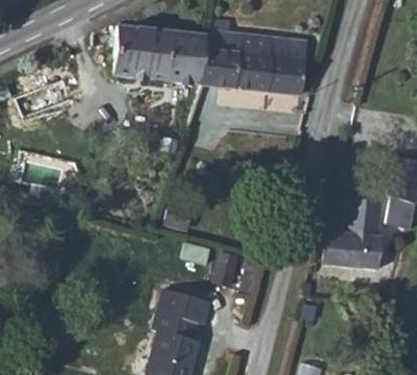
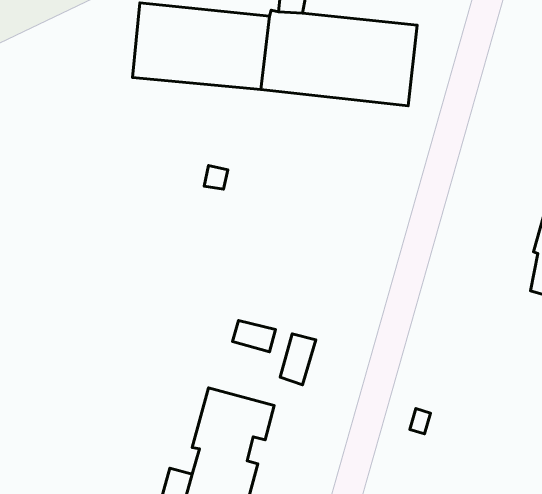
building: [325,199,382,270] -> none

